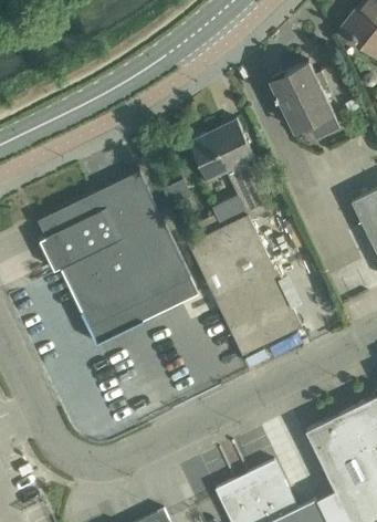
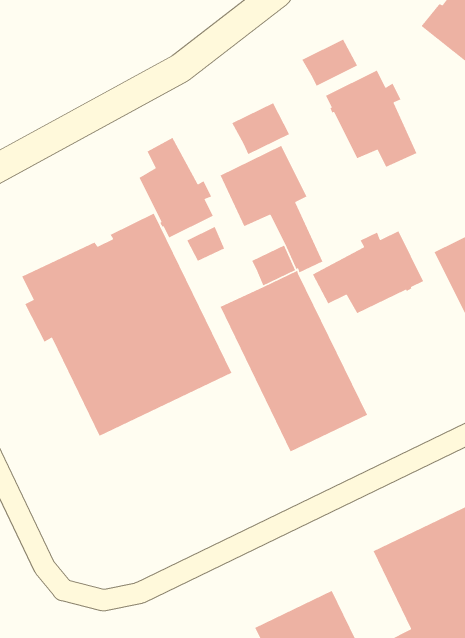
building: none -> [301,38,358,87]
building: none -> [231,102,290,155]
building: none -> [138,137,214,238]
building: none -> [312,230,424,314]

